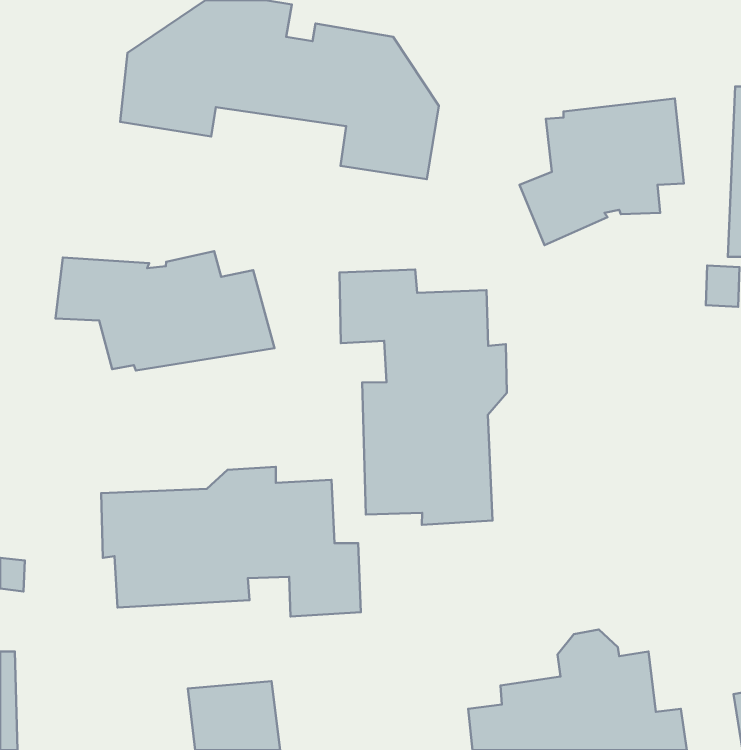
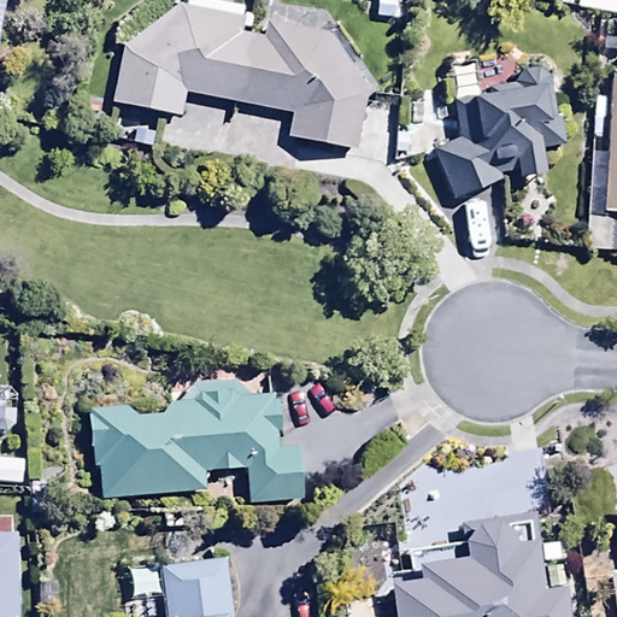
building: [56,251,275,370] -> none
building: [339,269,507,525] -> none

